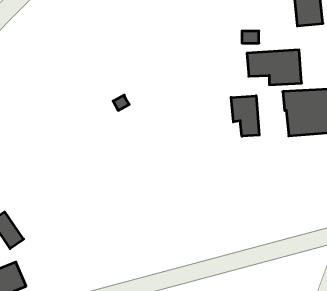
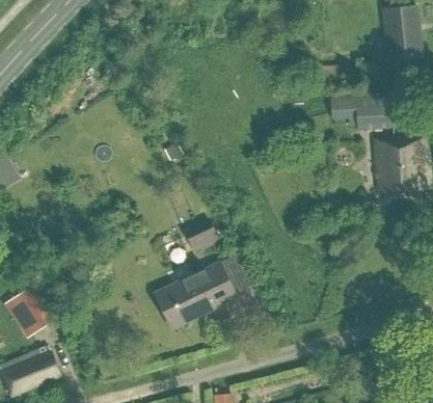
building: [231,96,259,136] -> none
building: none -> [184,221,218,254]
building: none -> [166,262,236,322]

